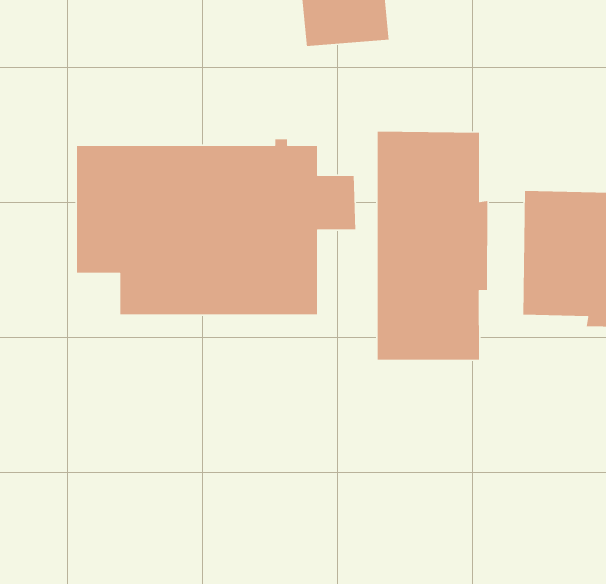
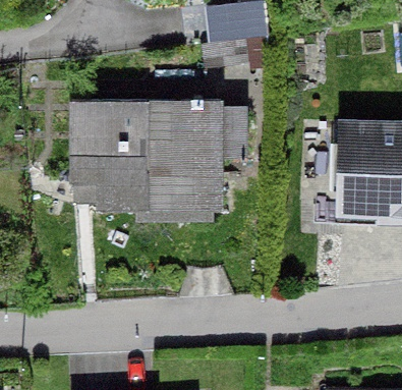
building: [377,131,488,361] -> none

